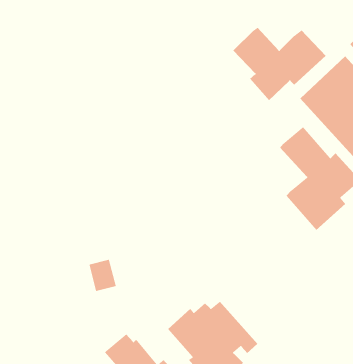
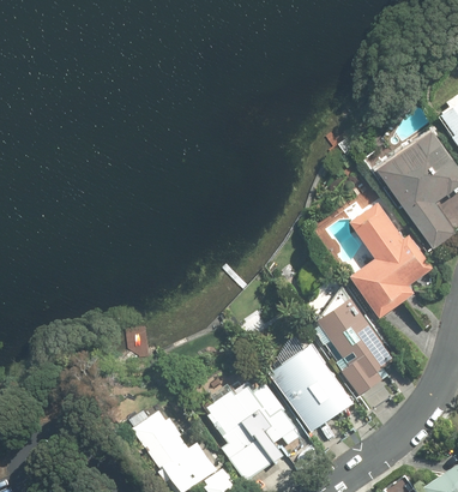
building: [232,27,327,101] -> none
building: none -> [314,295,391,394]
building: none -> [269,342,351,431]

